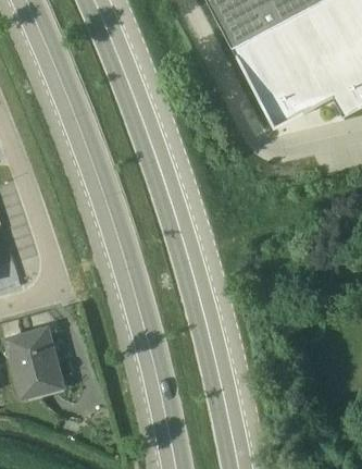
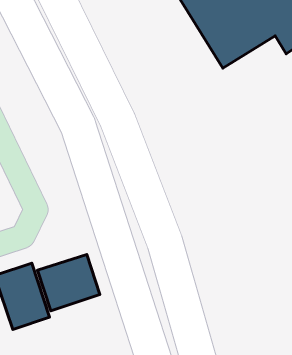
building: none -> [37,254,100,311]

